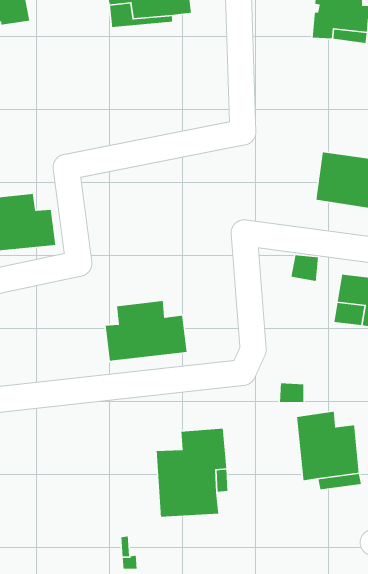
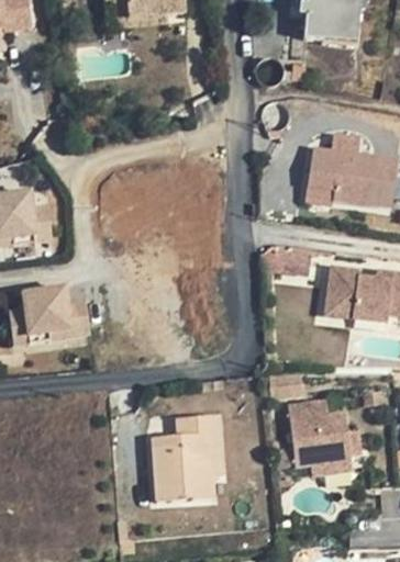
building: [105,300,187,361] -> [13,283,93,342]

